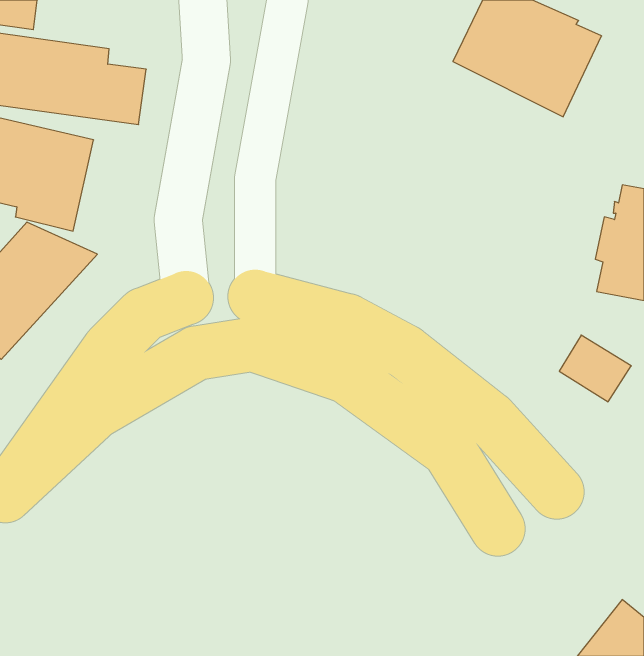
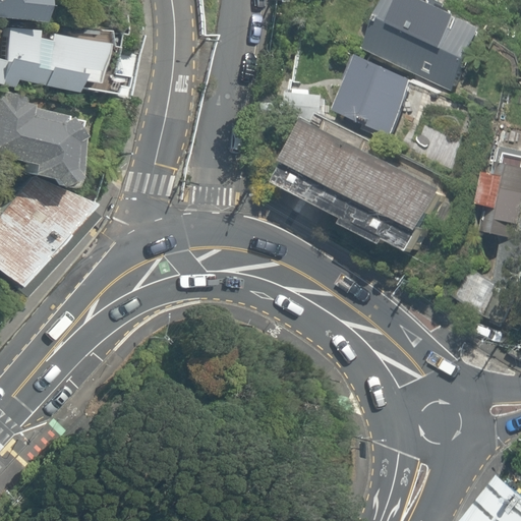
building: none -> [333,56,413,136]
building: none -> [279,115,443,253]

